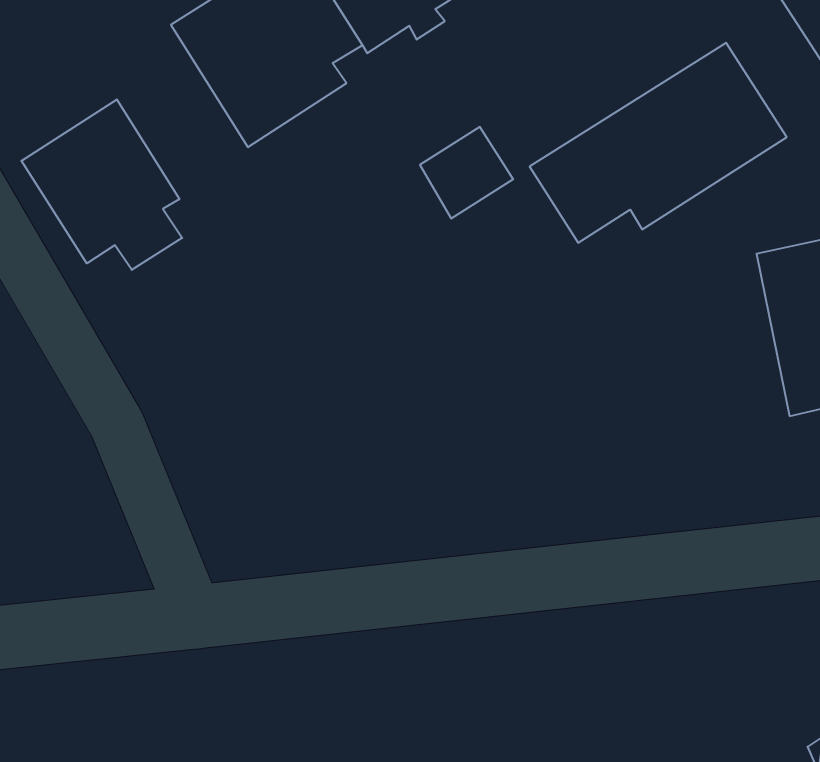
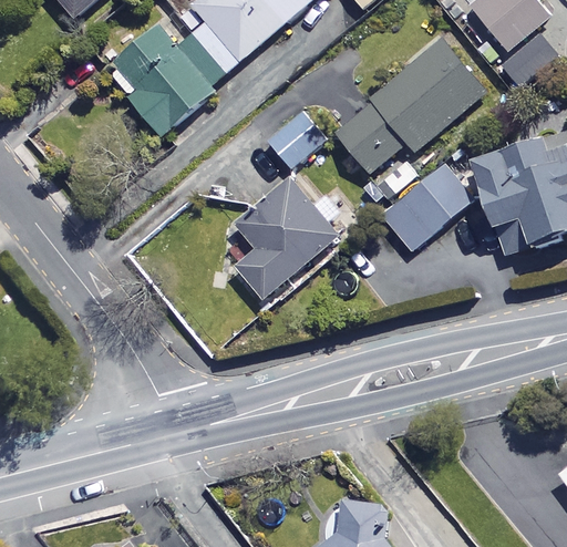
building: [21,99,182,270] -> none
building: none -> [234,178,337,298]
building: none -> [382,164,468,248]

